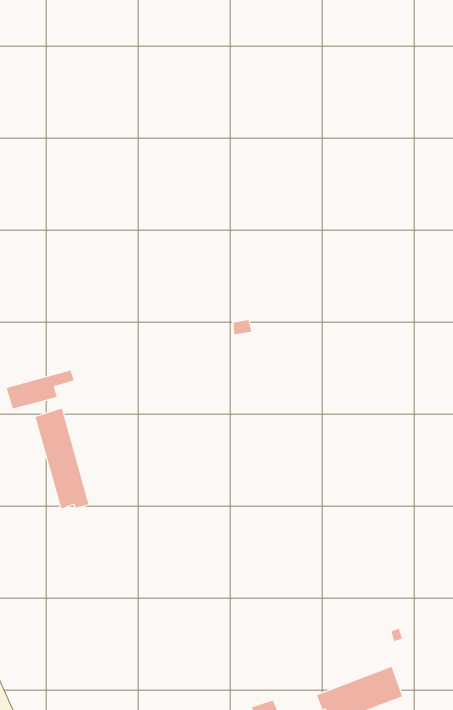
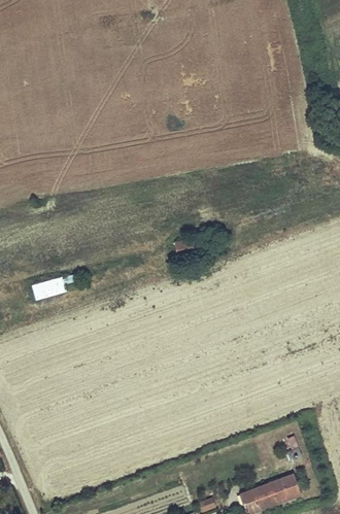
building: [35,408,89,509] -> none

